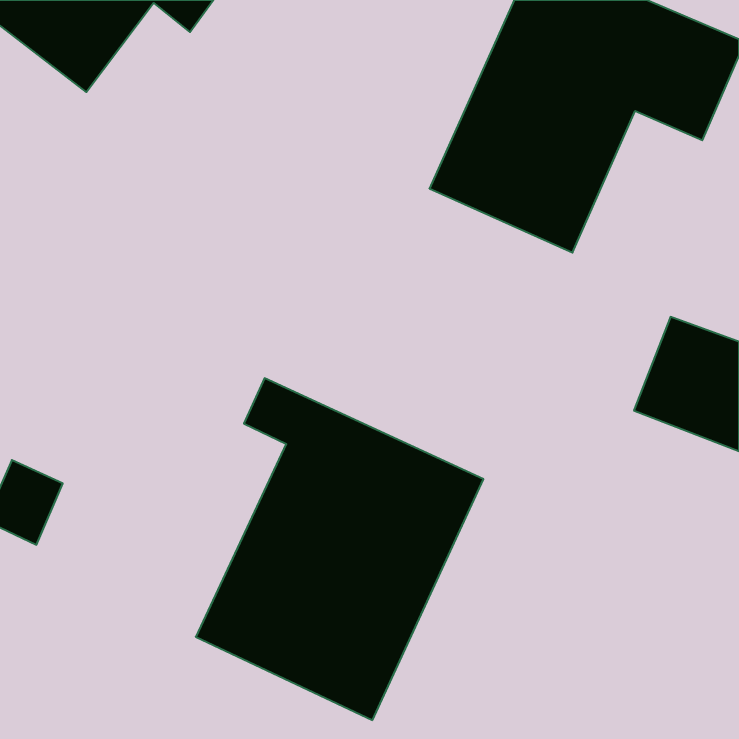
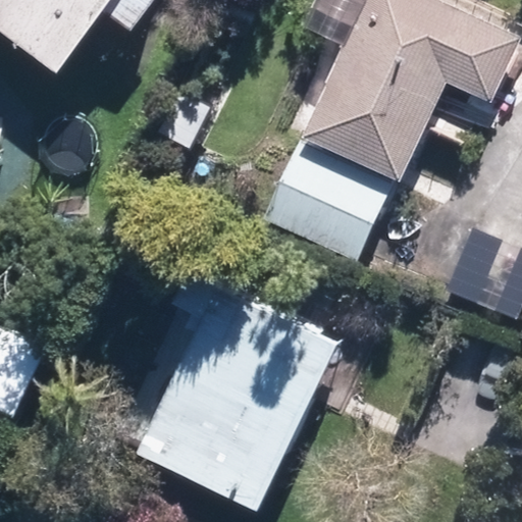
building: none -> [261,143,390,260]

